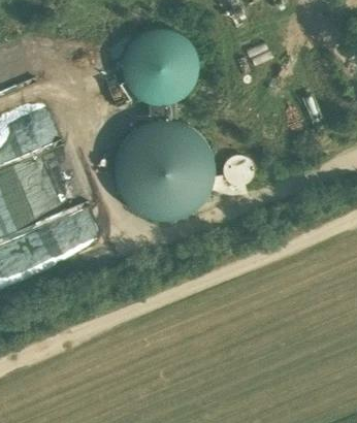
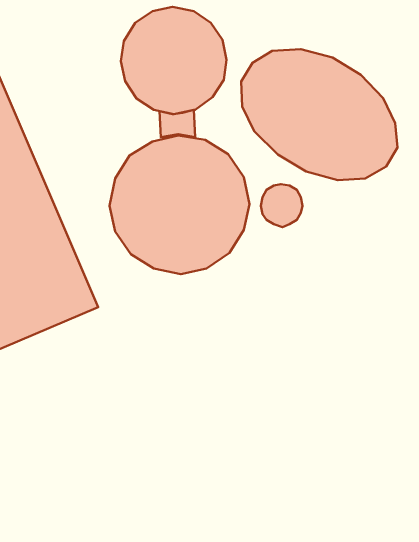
building: none -> [241,49,398,180]

